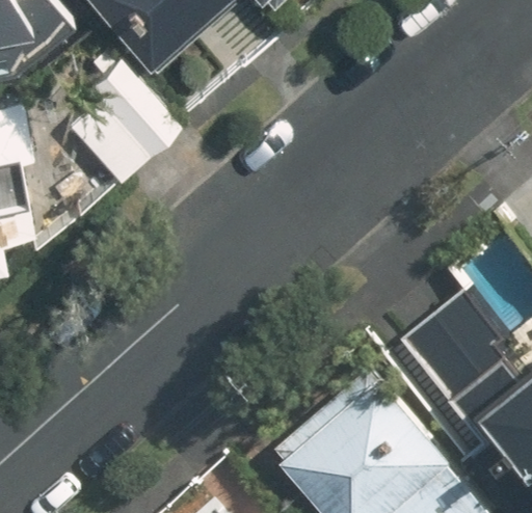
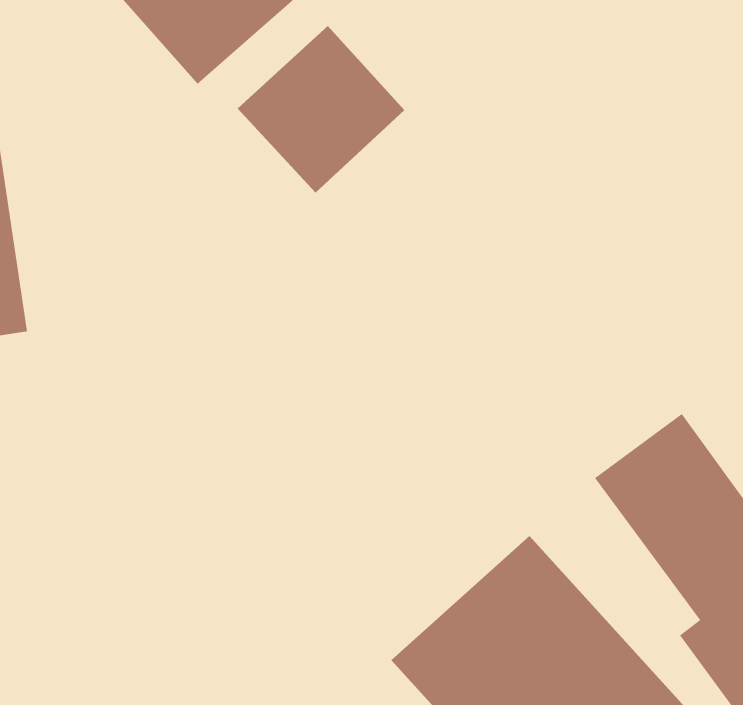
building: [64,68,178,181] -> [237,25,405,193]

